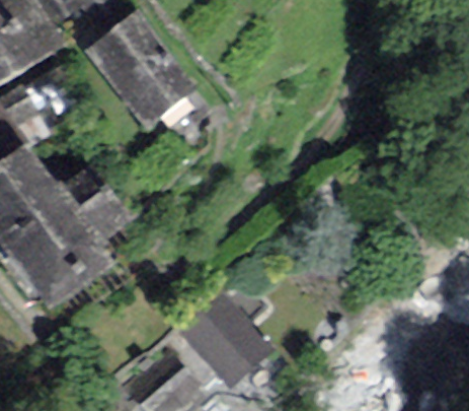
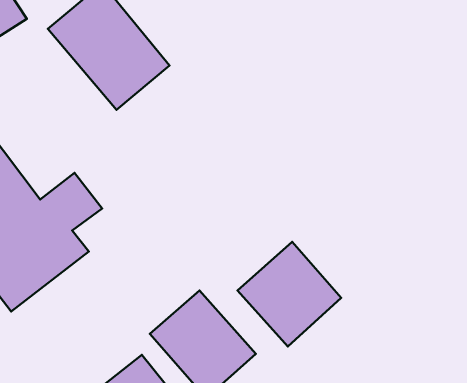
building: none -> [237,242,341,346]

